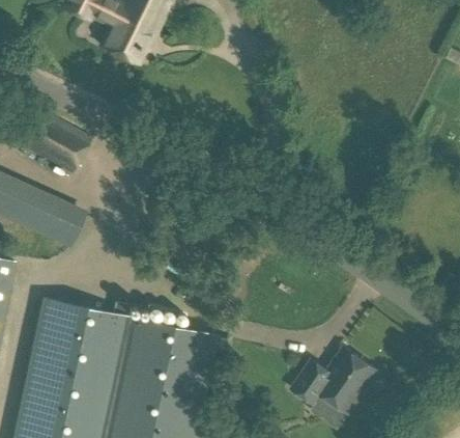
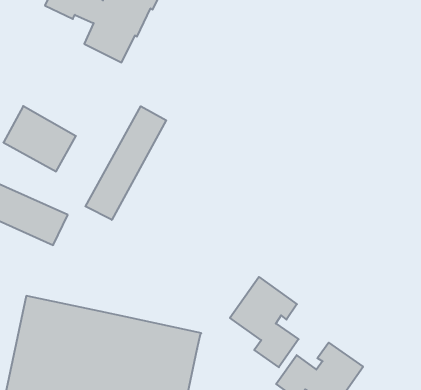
building: none -> [85,106,166,220]
building: none -> [230,277,299,367]

